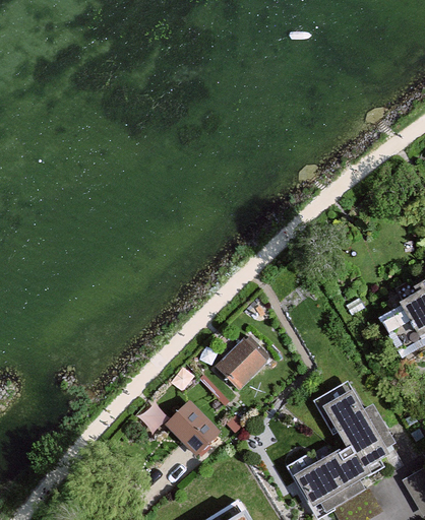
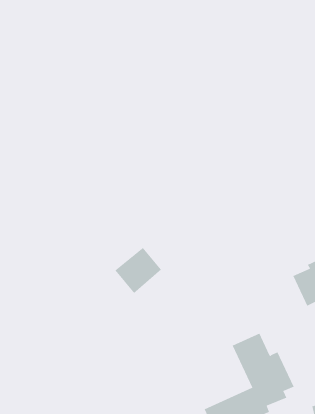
building: [217,336,270,390] -> [114,247,162,294]
building: [166,399,219,455] -> none

